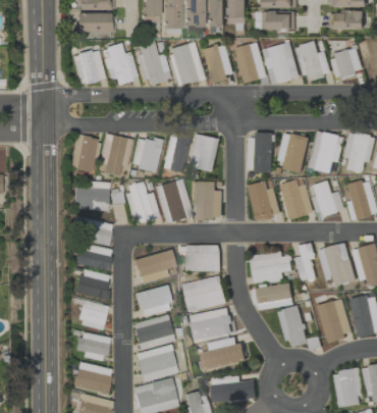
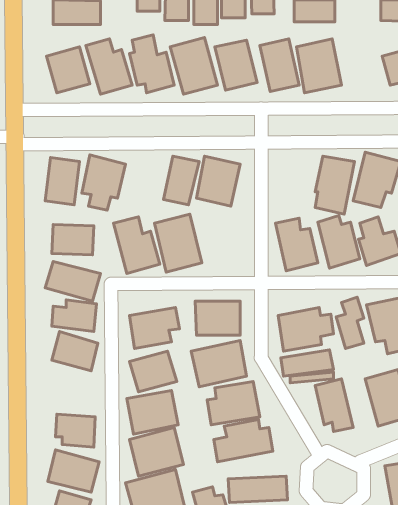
building: [299,42,331,82] -> none
building: [249,135,274,172] -> none
building: [130,136,161,171] -> none
building: [191,182,223,219] -> none
building: [77,300,108,330] -> none

